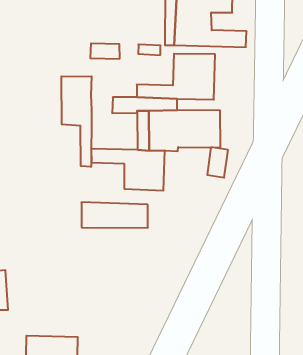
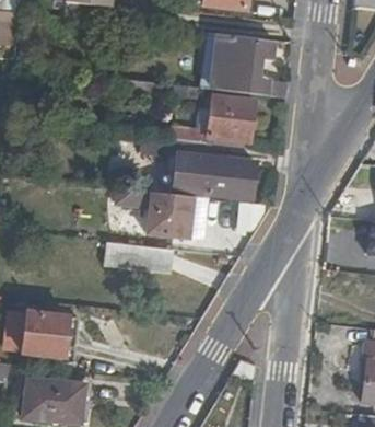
building: [61,76,92,167] -> none
building: none -> [23,310,70,358]

